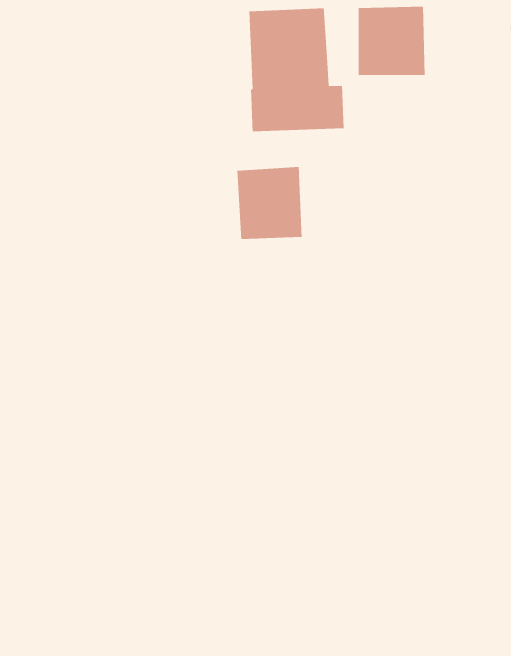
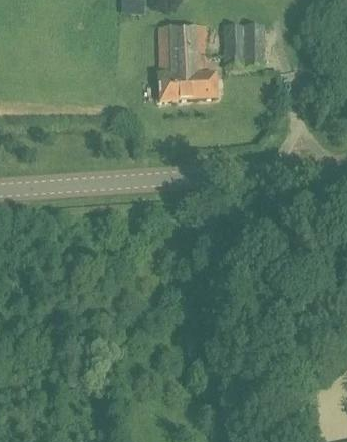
building: [237,166,302,240] -> none

